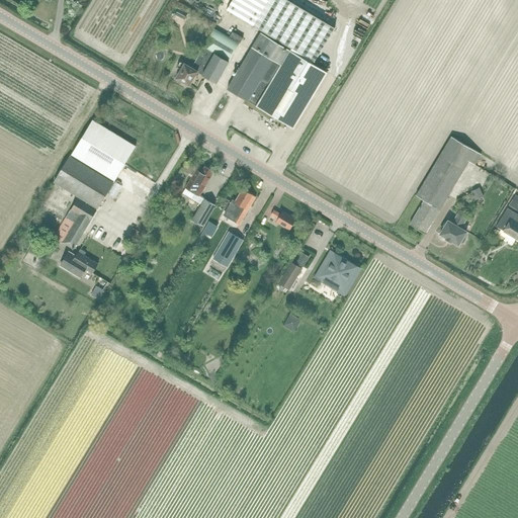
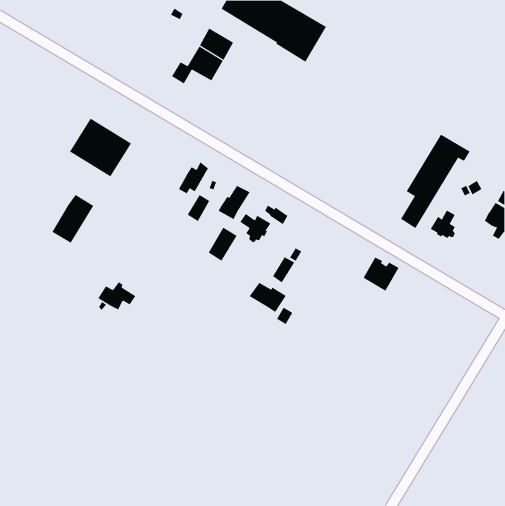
building: [227,32,327,128] -> none
building: [53,156,113,208] -> none
building: none -> [240,213,271,243]
building: [59,249,98,278] -> [98,281,136,310]
building: [320,255,357,290] -> [363,257,400,292]
building: none -> [249,282,286,313]

